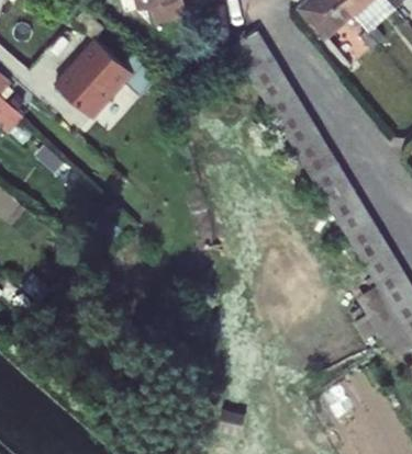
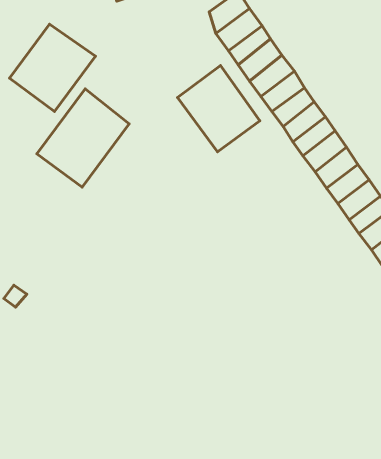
building: none -> [177,66,260,152]
building: none -> [37,89,129,187]

